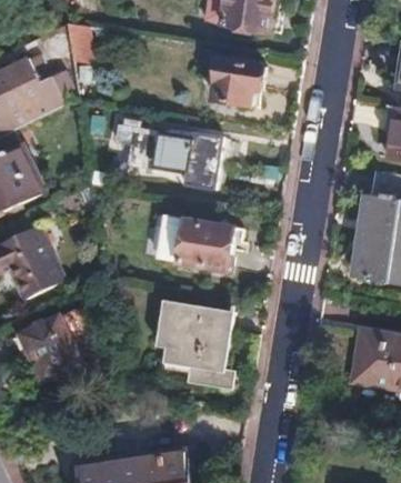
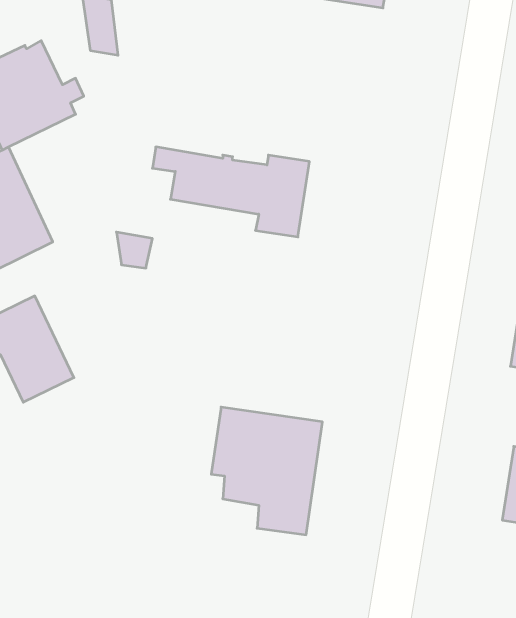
building: [213,59,265,107] -> none
building: [168,219,249,271] -> none
building: [21,314,83,380] -> none

